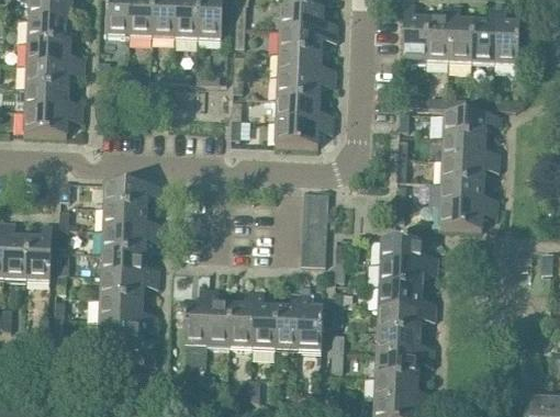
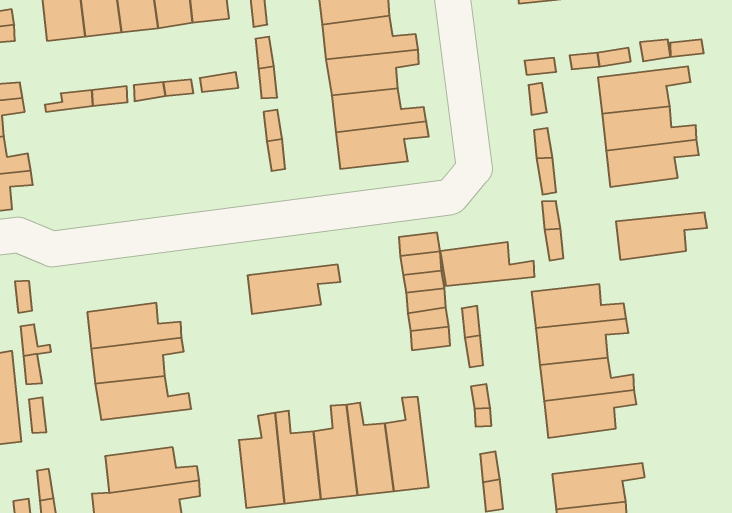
building: [440,182,497,207] -> [440,242,535,286]
building: [103,183,161,208] -> [247,265,341,314]
building: [100,275,158,300] -> none
building: [298,293,323,351] -> none
building: [376,331,434,357] -> none

